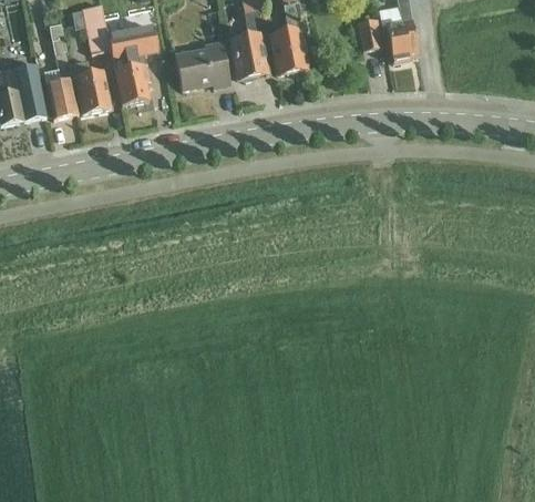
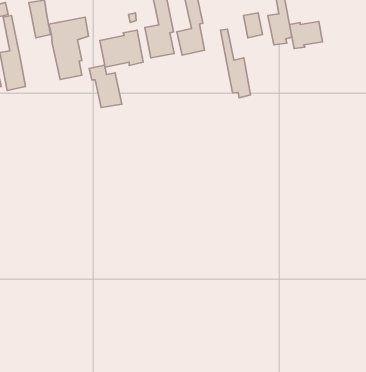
building: none -> [290,22,322,49]
building: none -> [221,29,250,98]
building: [68,59,110,113] -> [89,65,122,108]

